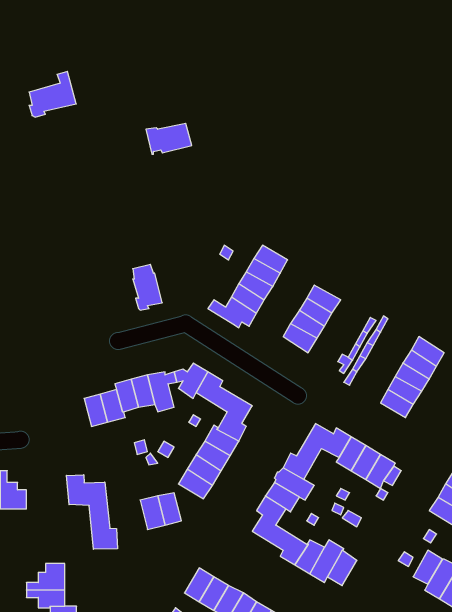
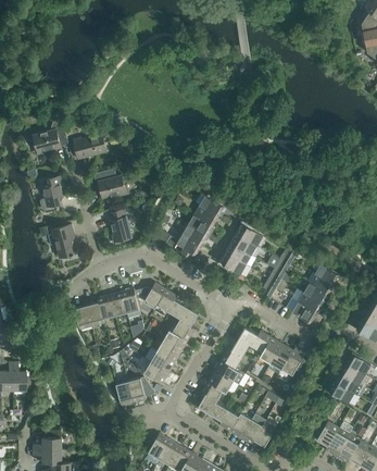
building: [29,71,76,117] -> [33,121,67,154]
building: [146,123,192,154] -> [73,135,106,158]
building: none -> [96,170,127,198]
building: none -> [40,176,64,212]
building: none -> [52,224,76,258]
building: [66,475,117,549] -> none

